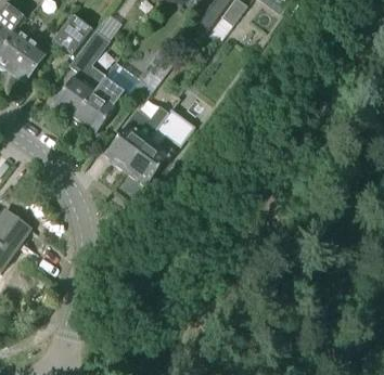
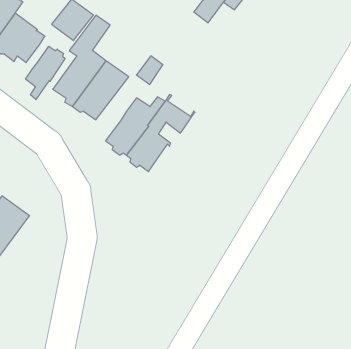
building: none -> [26,46,65,100]

